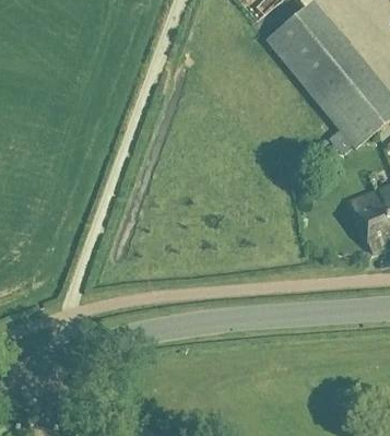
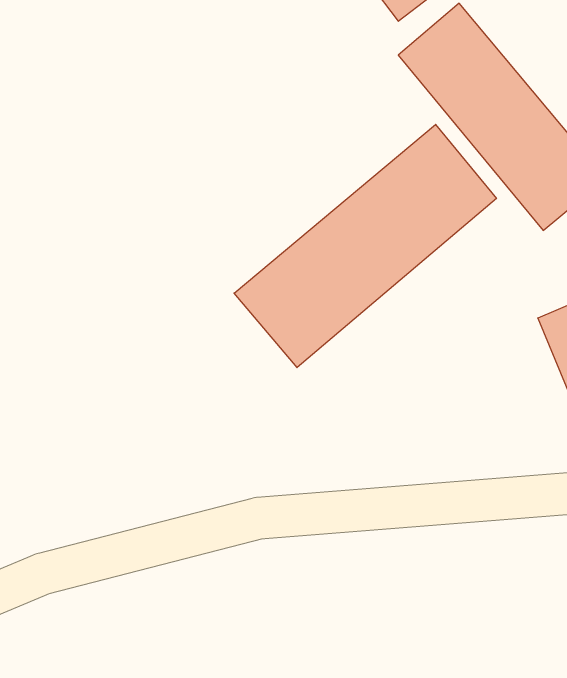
building: none -> [234,124,496,368]

